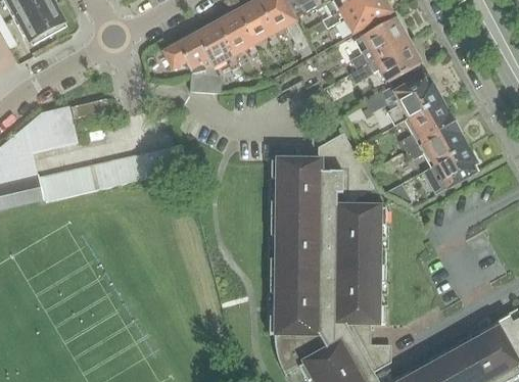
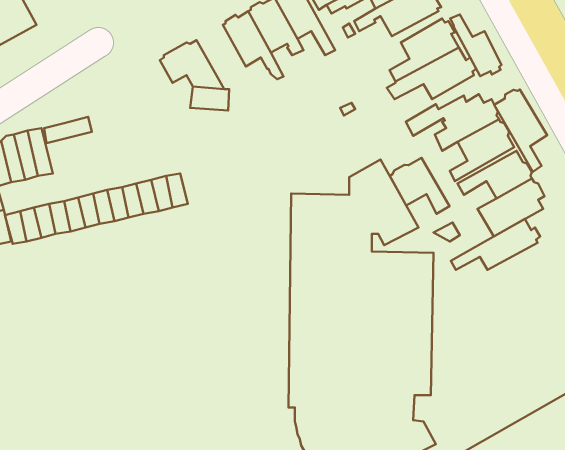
building: none -> [450,14,502,76]
building: [195,22,240,69] -> none
building: none -> [494,89,547,172]
building: none -> [390,158,449,214]
building: none -> [451,219,540,270]

